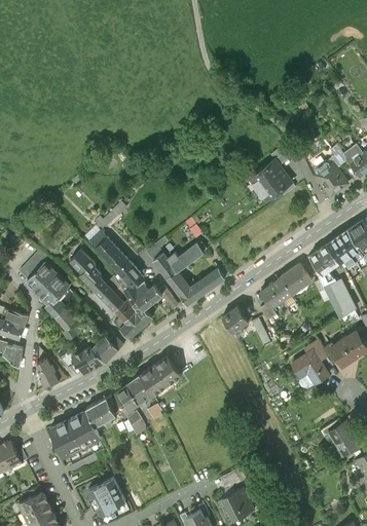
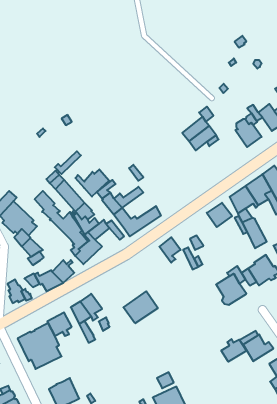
building: none -> [75,169,109,197]
building: [261,276,297,308] -> none
building: [140,355,182,394] -> [123,291,158,323]
building: none -> [221,339,246,362]

